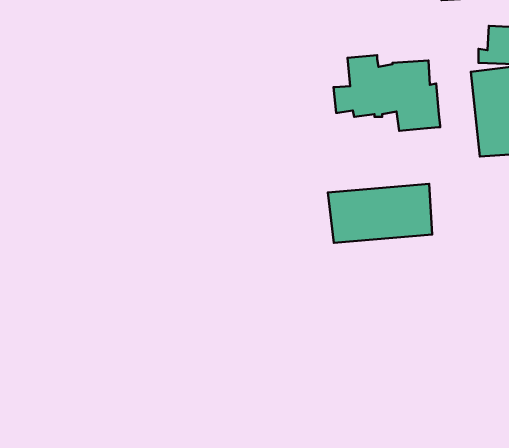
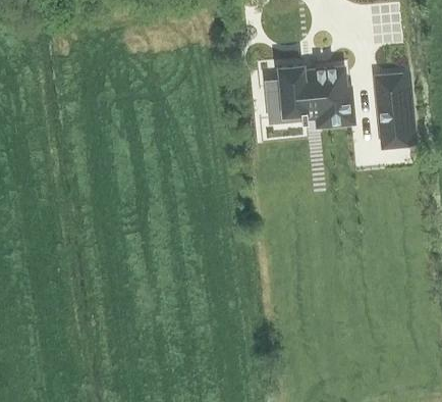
building: [328,184,432,243] -> none

